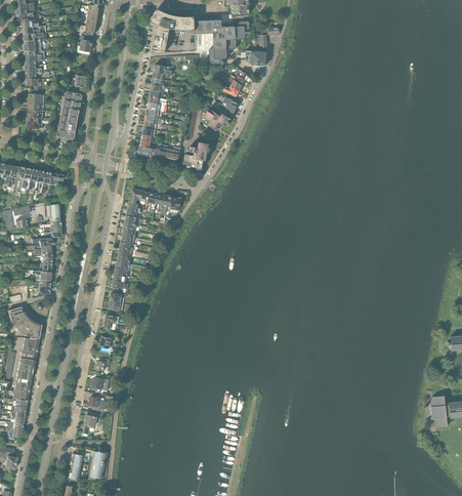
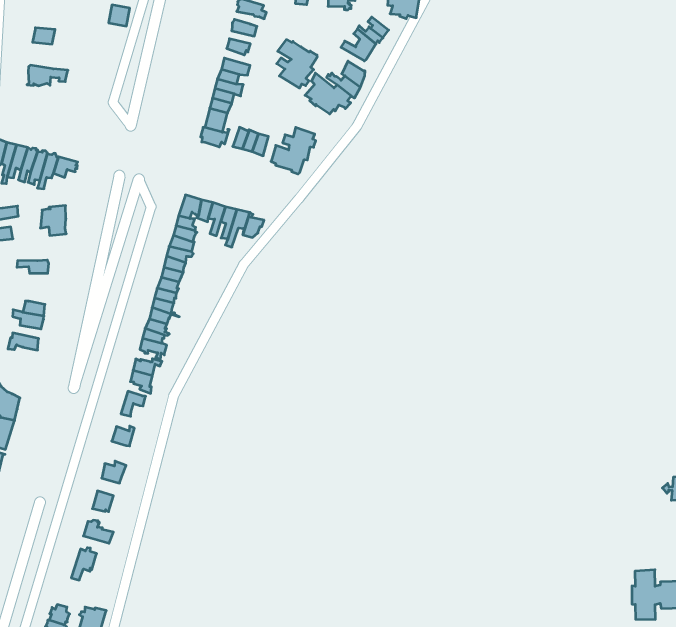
building: none -> [277,40,317,88]
building: [58,91,82,139] -> none

